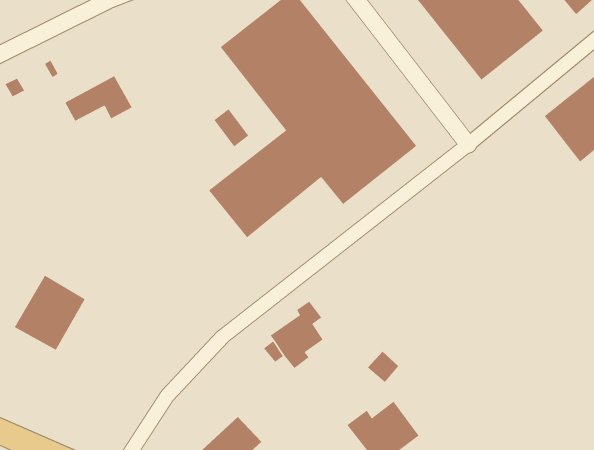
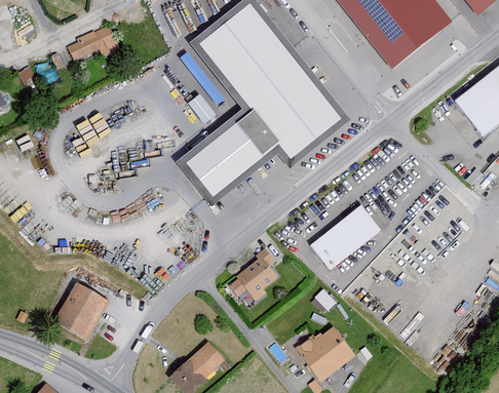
building: [65,75,132,122] -> [67,24,121,61]
building: none -> [309,204,380,270]
building: [14,275,85,350] -> [49,279,107,340]

